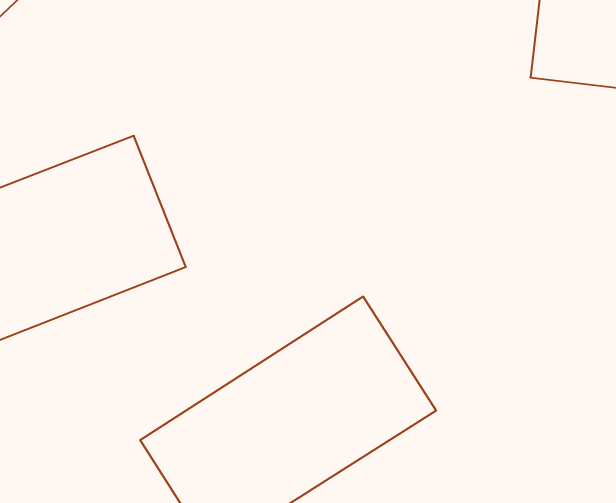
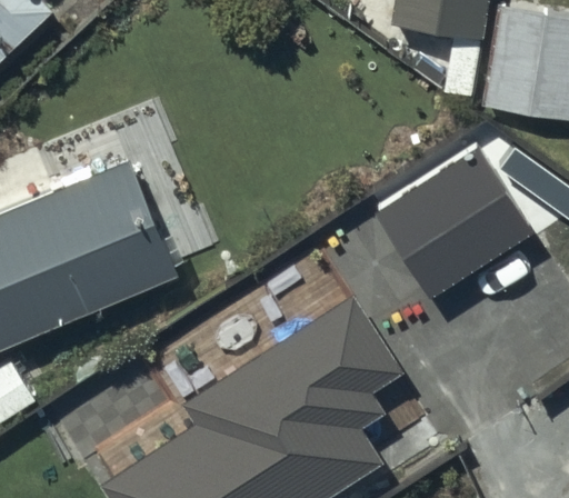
building: none -> [359,155,517,307]

